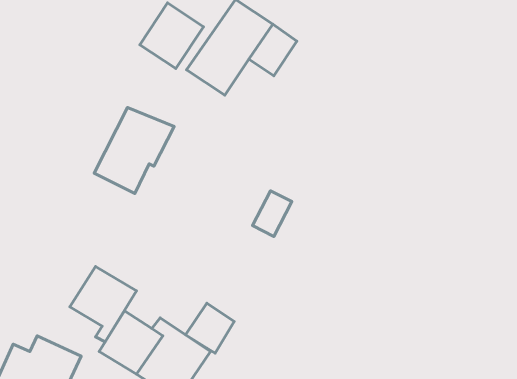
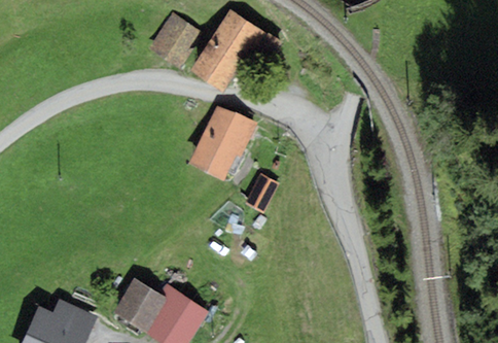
building: [94,107,174,194] -> [188,106,257,180]
building: [70,266,137,342] -> none
building: [186,303,234,353] -> none

